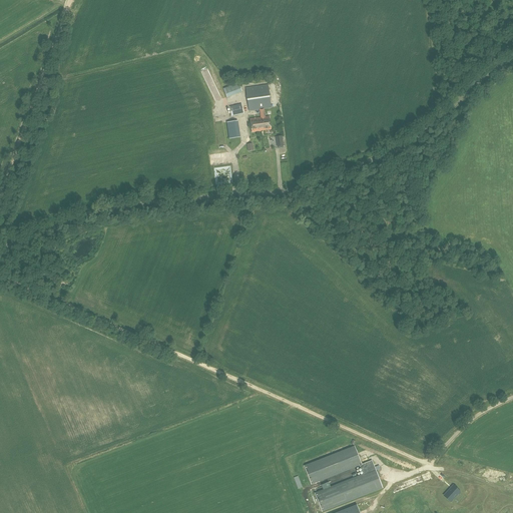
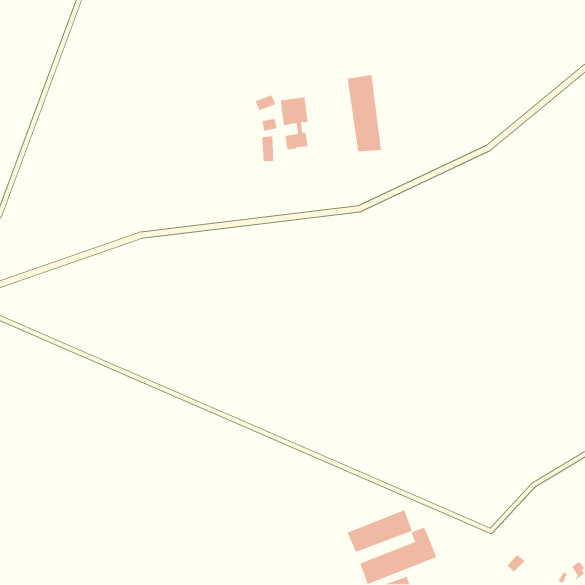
building: none -> [347,74,382,152]

